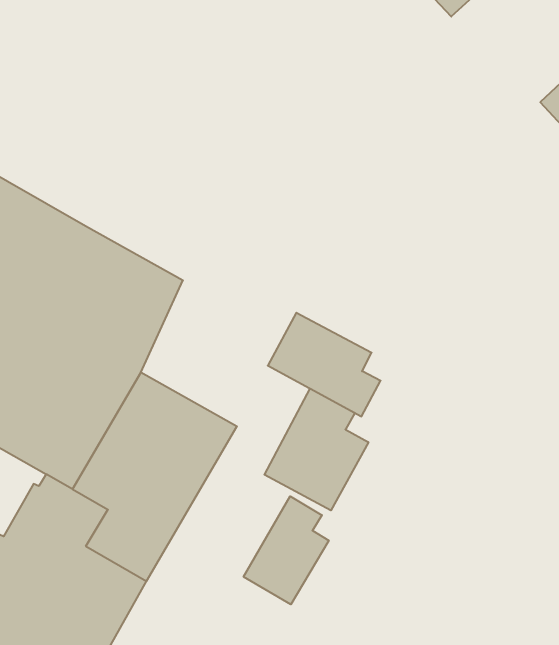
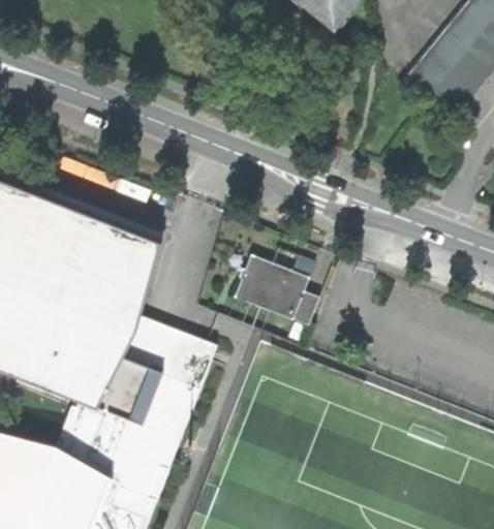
building: [264,389,368,510] -> none
building: [244,496,329,604] -> none

